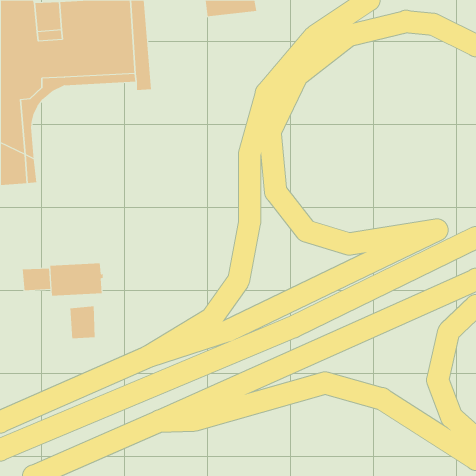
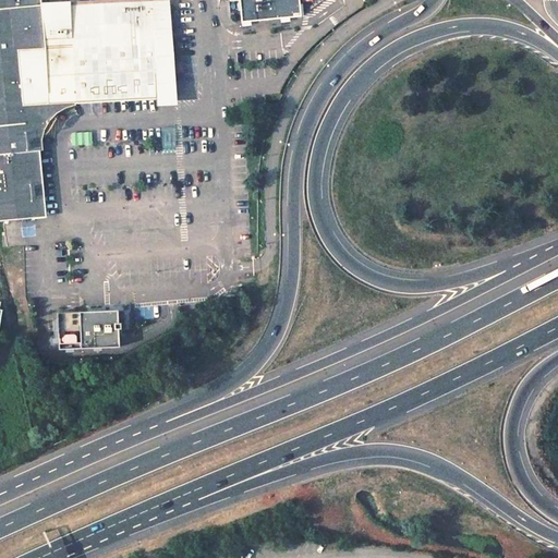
building: [22,268,51,291] -> none
building: [70,305,95,339] -> none

